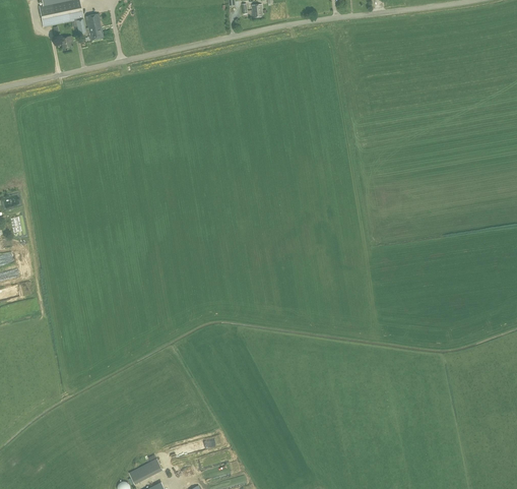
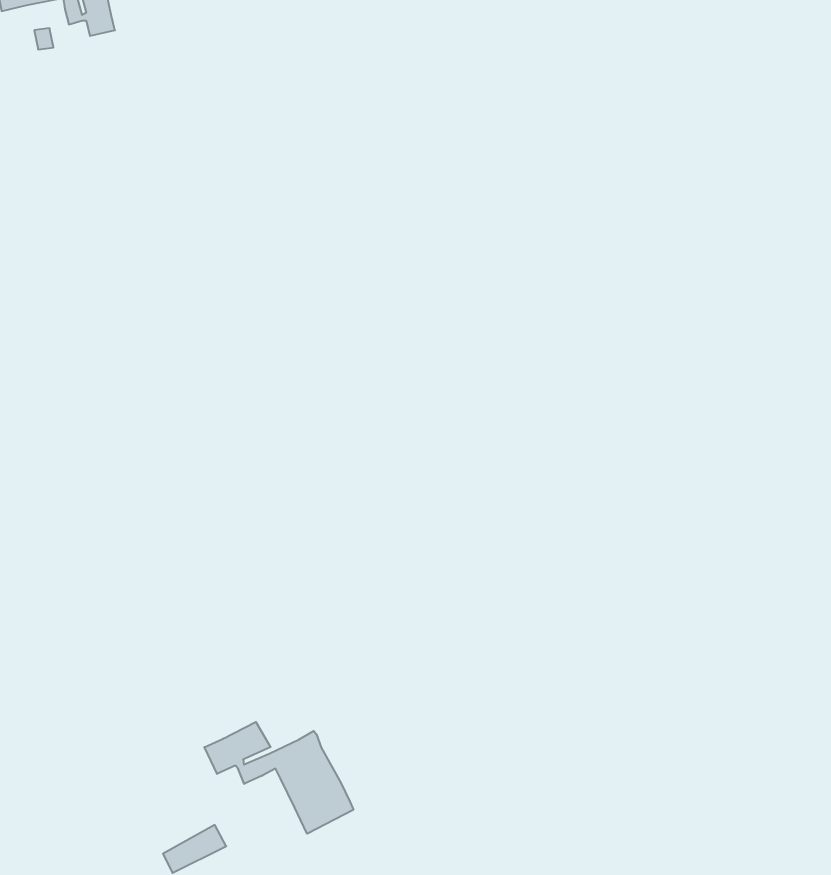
building: none -> [204,722,353,834]

